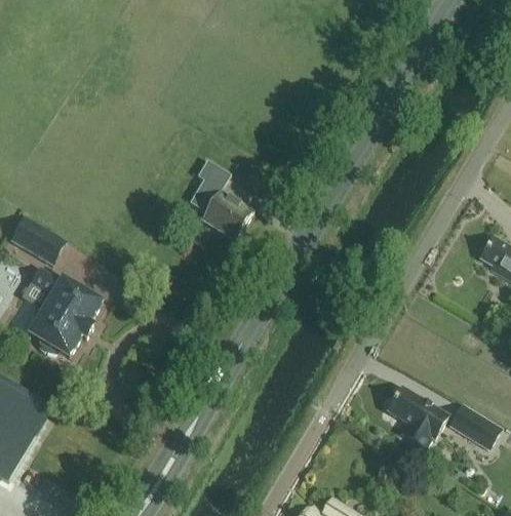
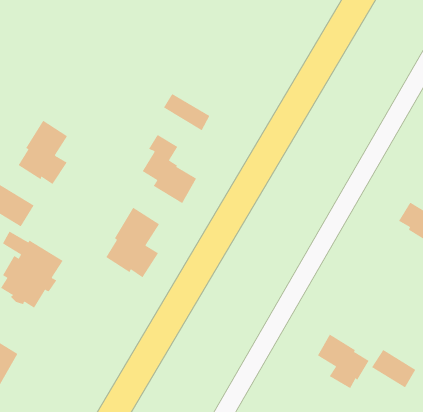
building: none -> [163,93,210,131]
building: none -> [18,120,68,185]
building: none -> [106,207,160,278]

